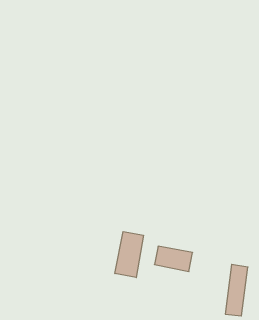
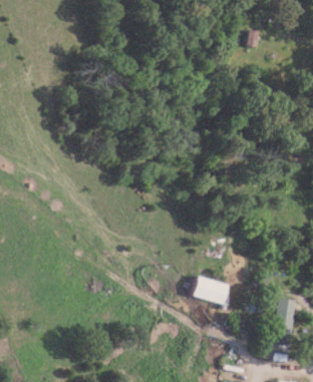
building: [115,232,143,278] -> none

